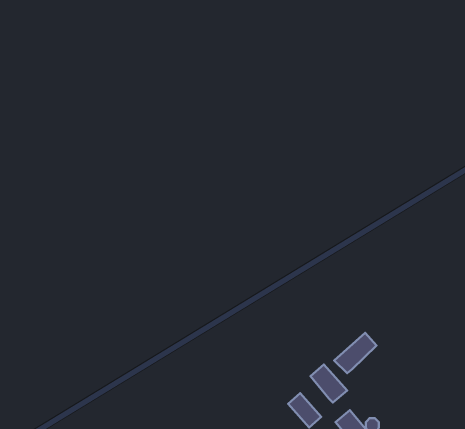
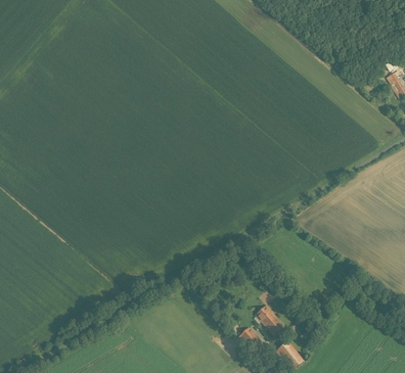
building: [334,333,377,373] -> none

